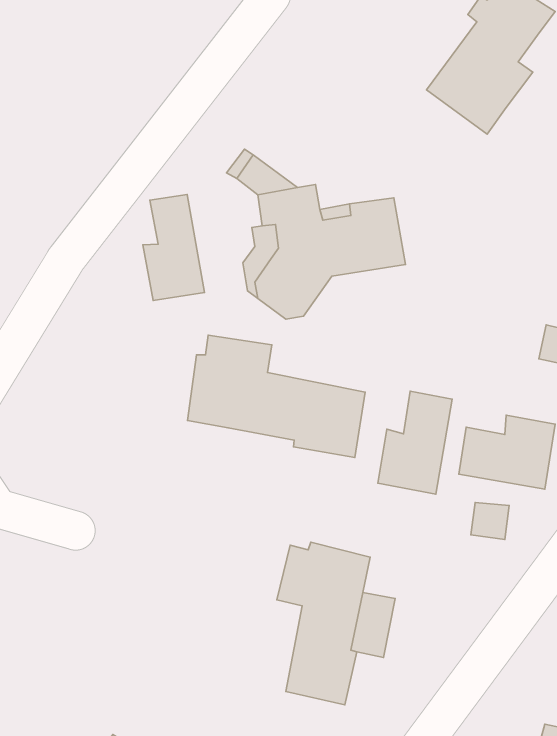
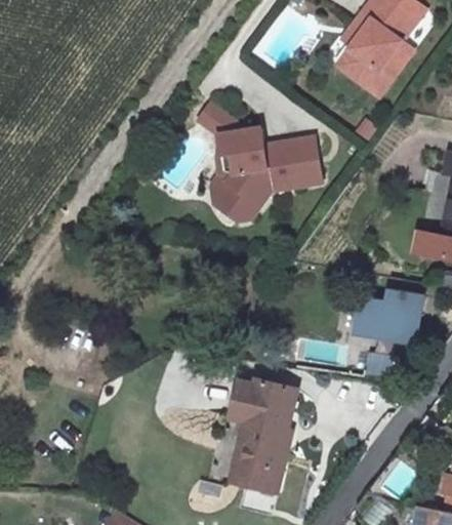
building: [143,194,205,301] -> none
building: [187,335,365,457] -> none
building: [378,391,452,494] -> none

